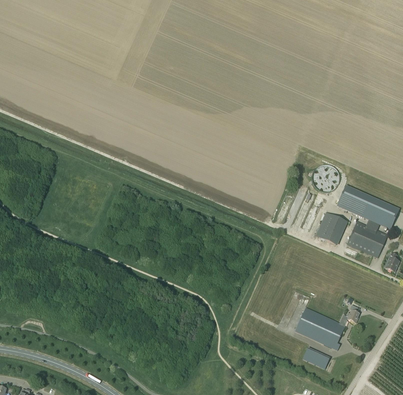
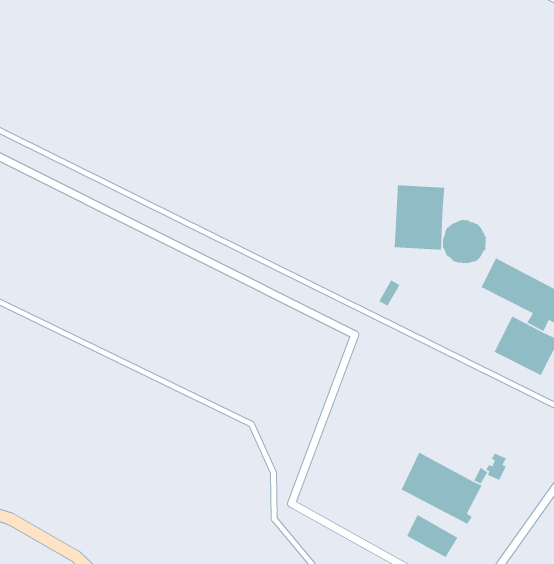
building: none -> [394,185,445,250]
building: [315,212,346,244] -> none

